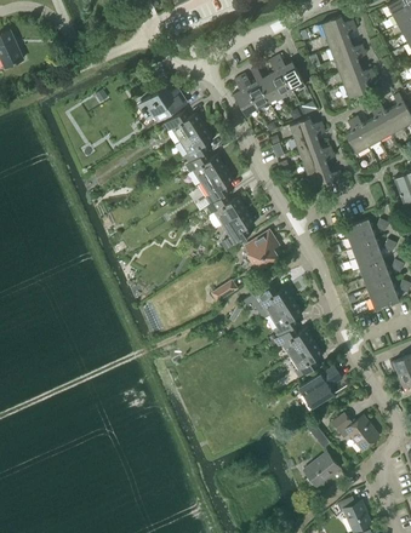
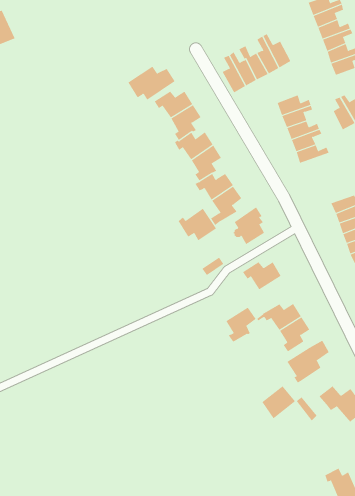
building: none -> [178,208,217,241]
building: [270,302,302,338] -> [226,307,257,343]
building: [304,453,339,487] -> [261,386,296,419]

